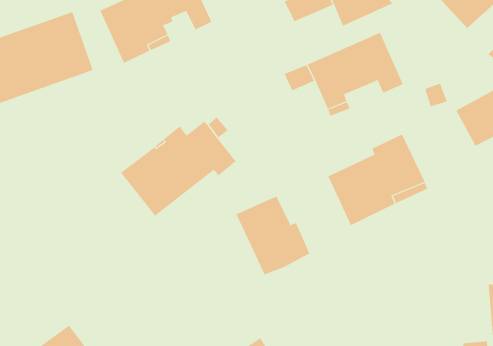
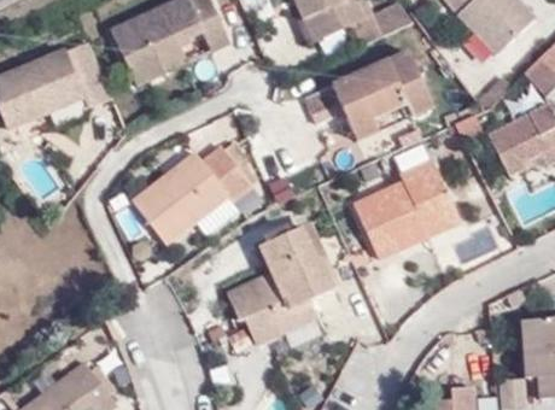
building: none -> [226,273,316,342]

